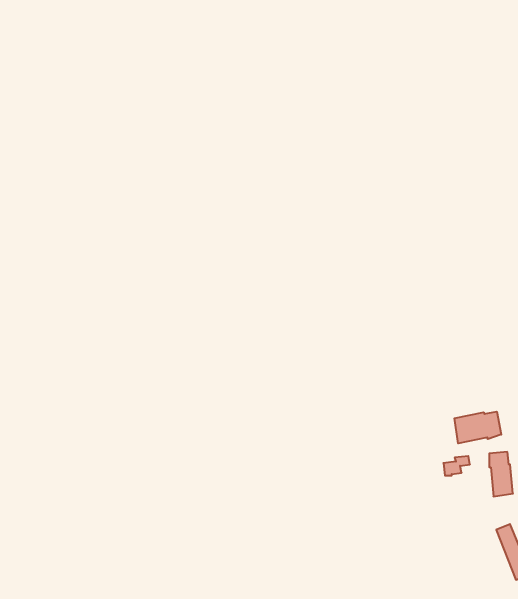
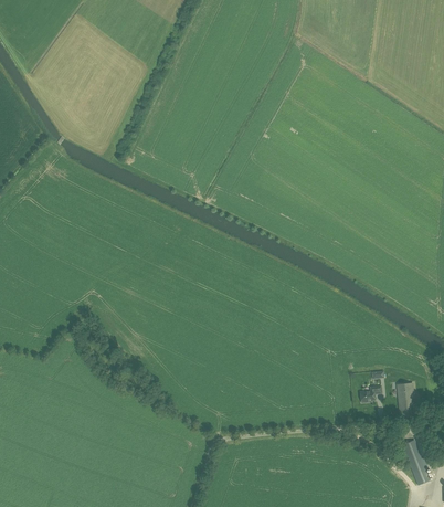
building: [454,412,501,443] -> none

